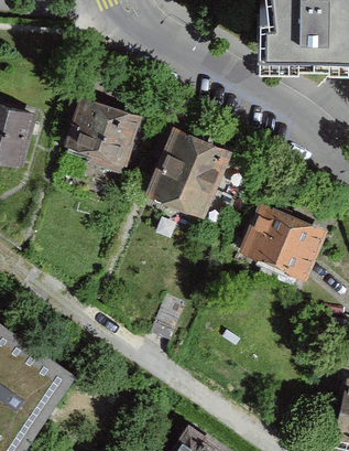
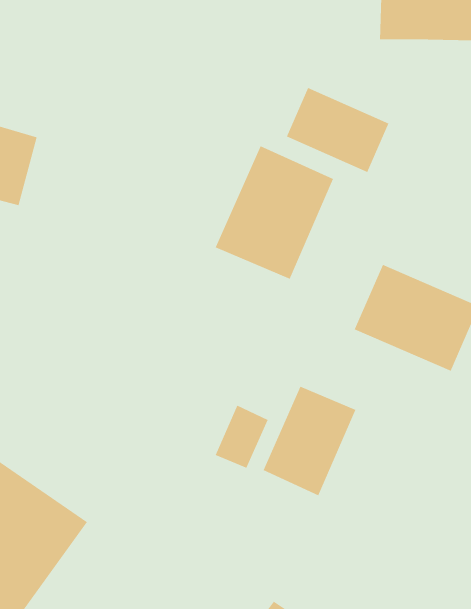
building: none -> [286,87,389,173]
building: [66,108,134,180] -> none
building: none -> [263,386,356,496]

